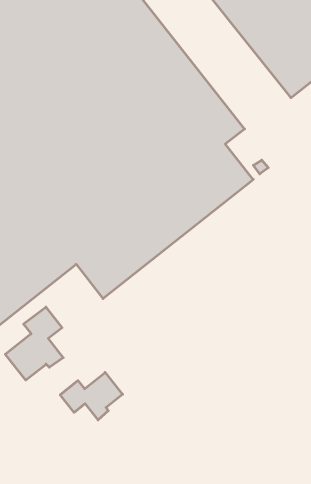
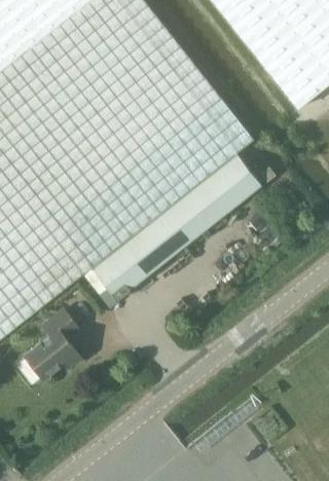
building: [60,372,123,420] -> none

